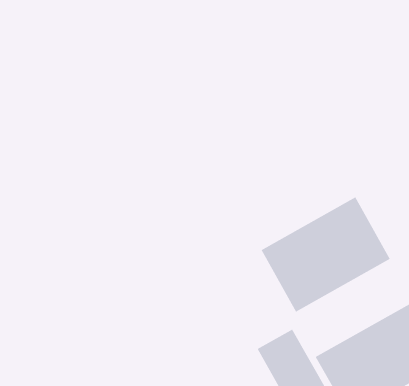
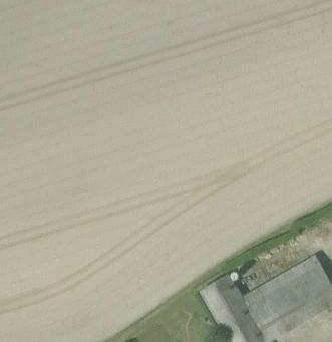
building: [261,197,390,312] -> none

